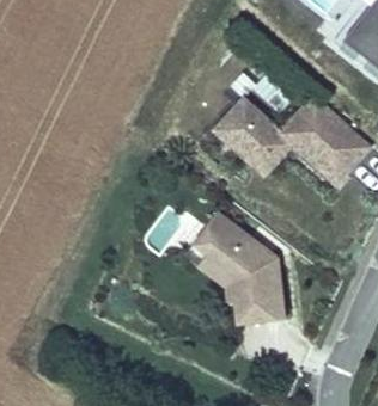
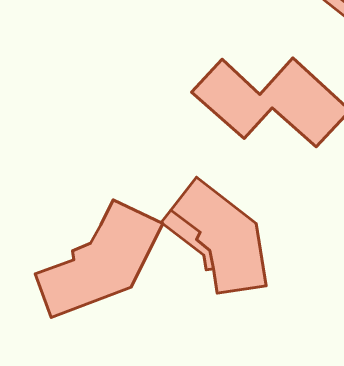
building: none -> [35,200,163,317]

